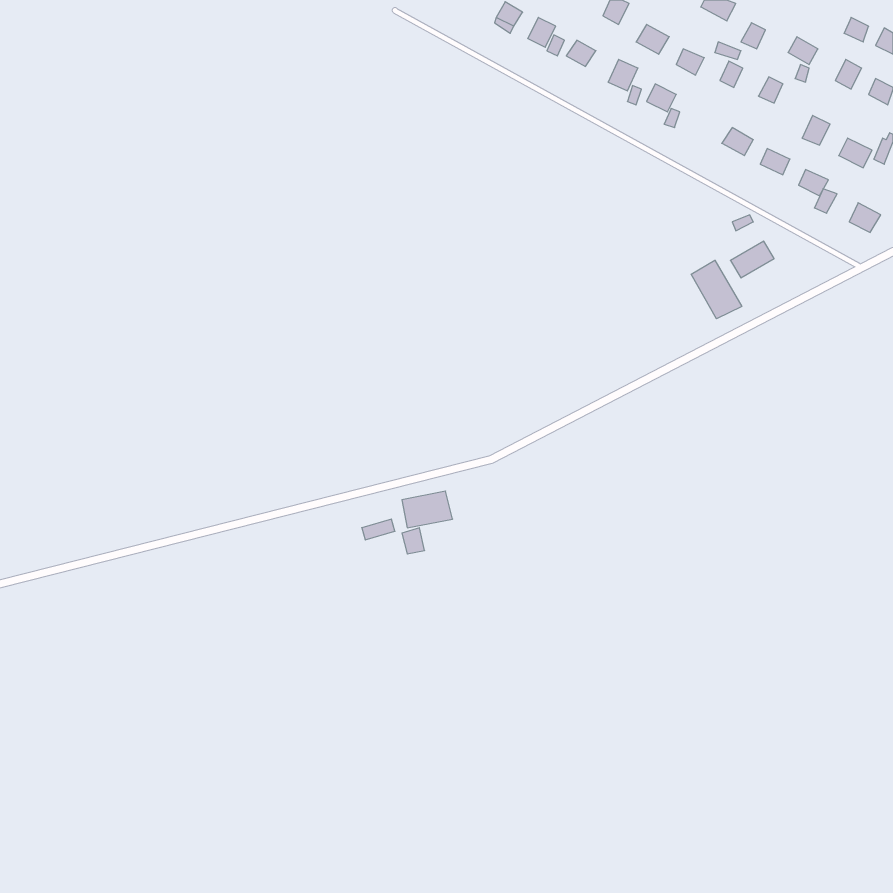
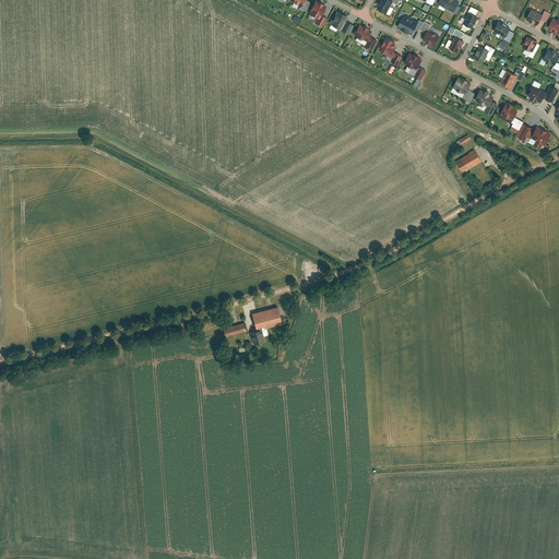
building: [691,260,742,319] -> none

